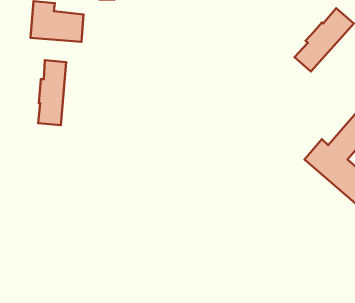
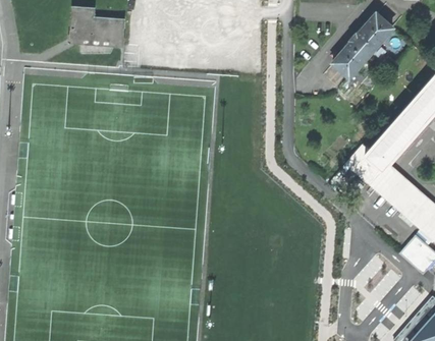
building: [38,60,66,125] -> none

